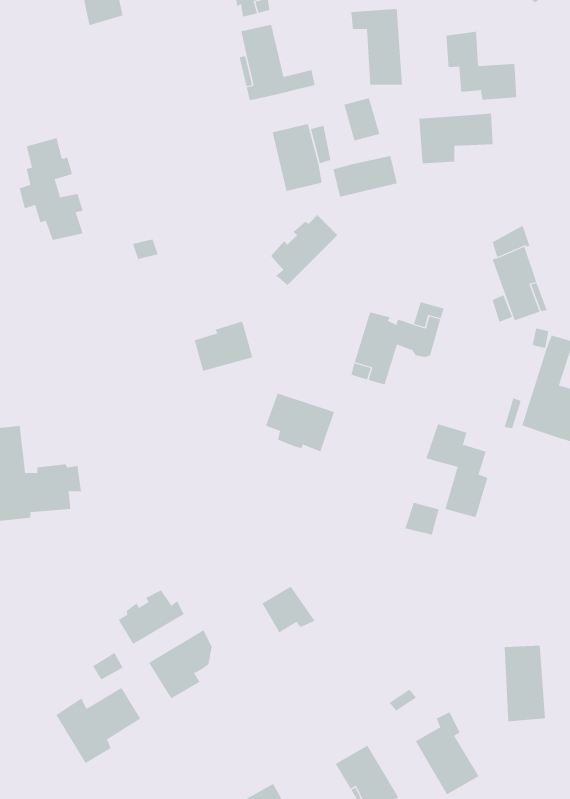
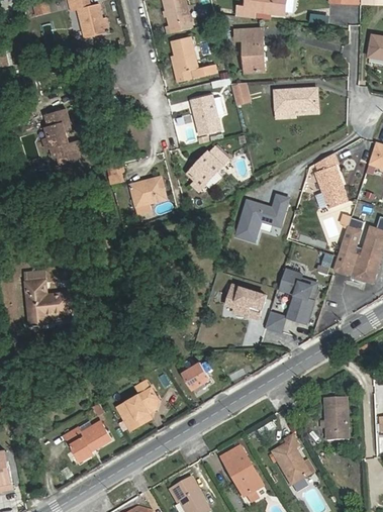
building: [446,31,517,101] -> none
building: [333,155,397,198] -> none
building: [194,321,253,372] -> [128,175,163,204]
building: [265,393,335,452] -> [226,285,267,319]
building: [118,590,184,645] -> none

